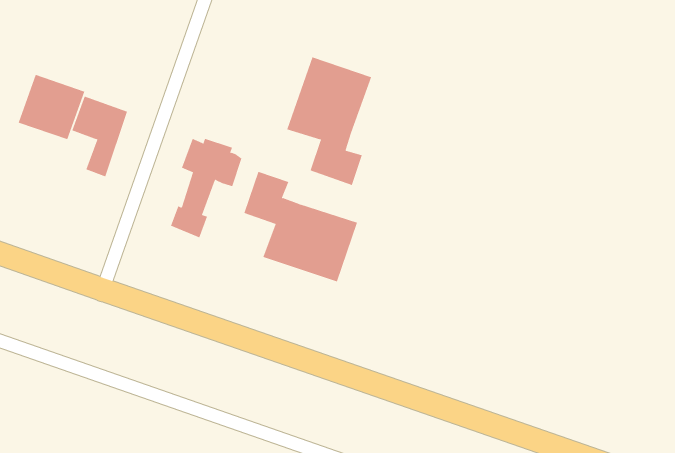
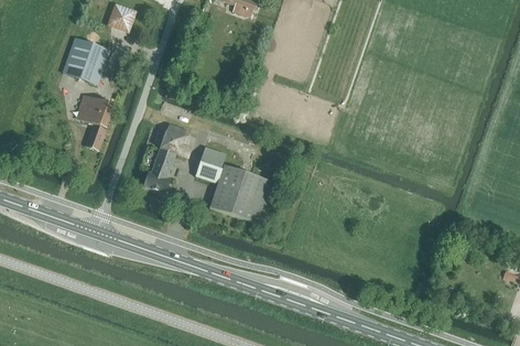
building: [286,57,372,186] -> none
building: [18,74,85,140] -> [63,37,110,84]

